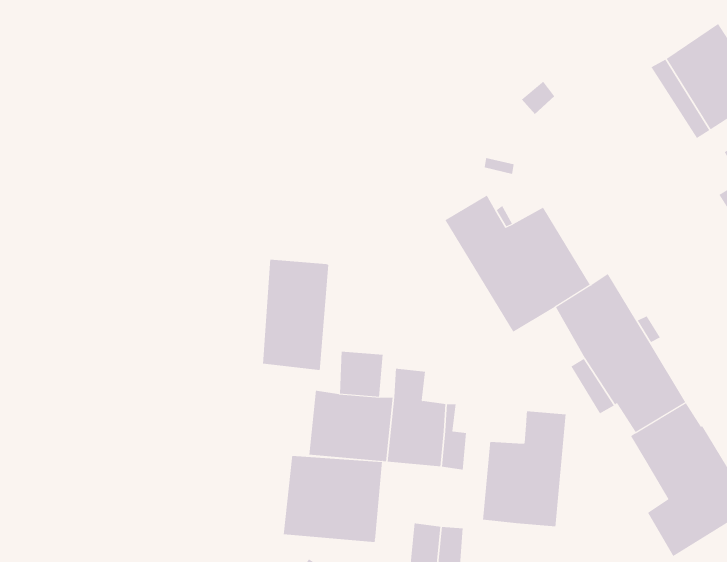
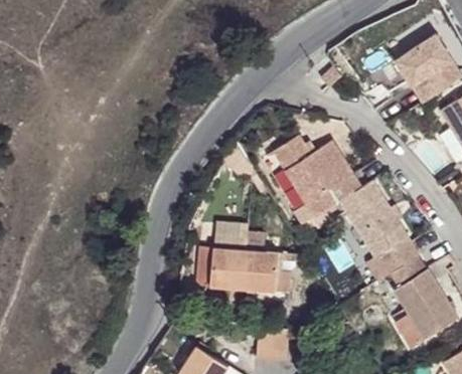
building: [263,259,329,371] -> none
building: [482,410,566,527] -> none
building: [283,455,382,543] -> none

